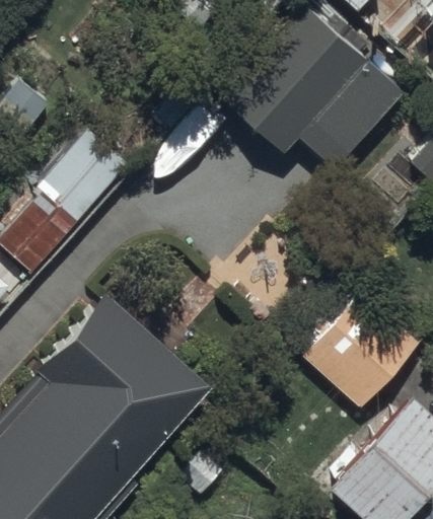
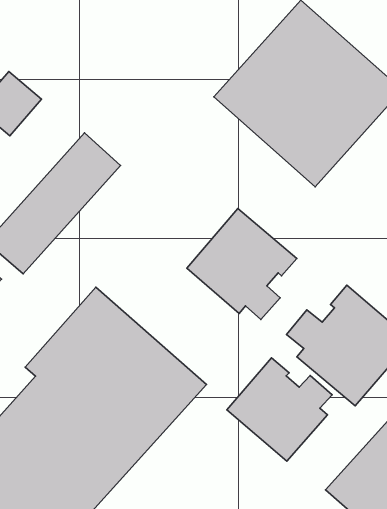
building: none -> [187,208,297,320]
building: none -> [227,358,332,461]

